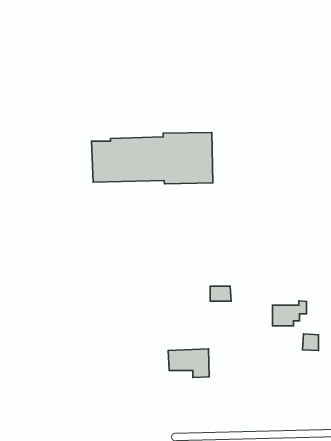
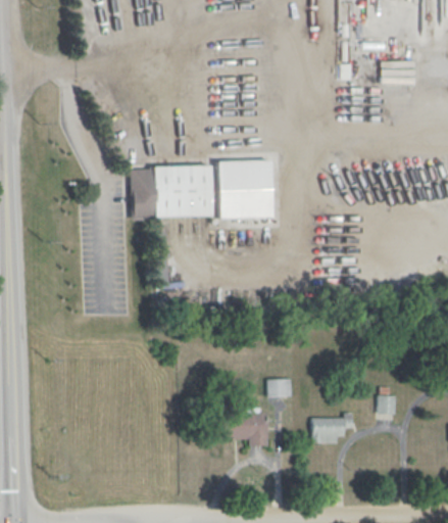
building: [210,286,231,301] -> [268,379,293,396]
building: [273,301,307,326] -> [313,413,353,442]

